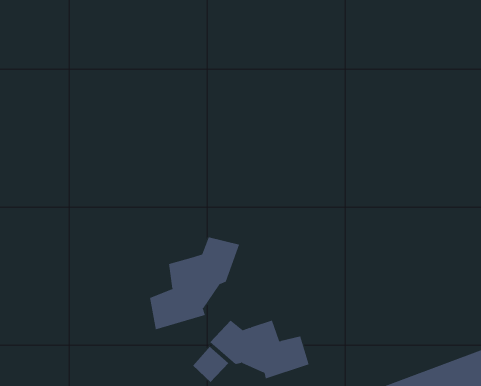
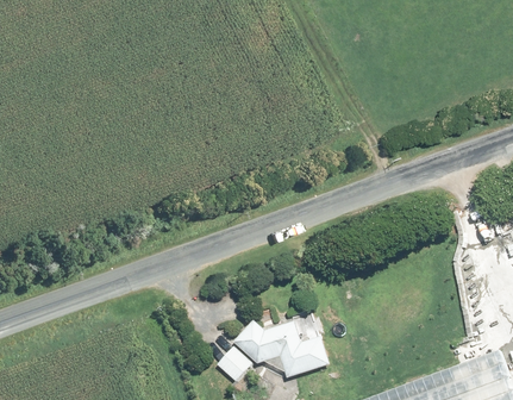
building: [149,236,240,330] -> none

